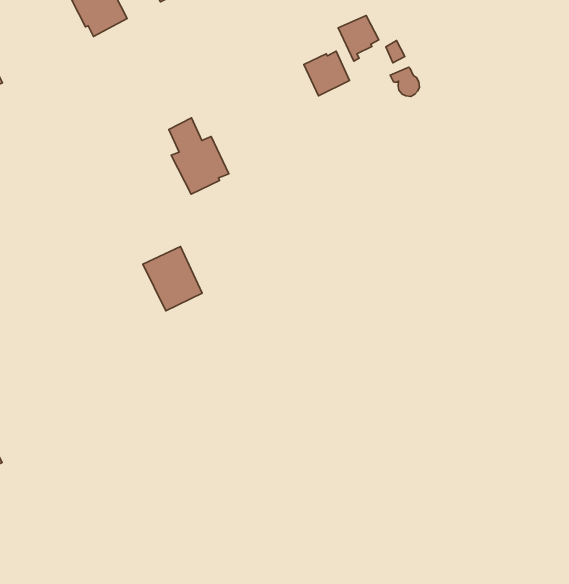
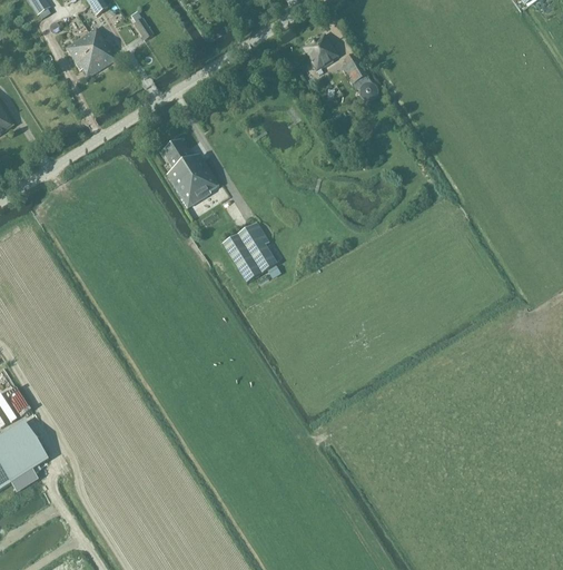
building: [304,51,350,96] -> none
building: [143,246,202,311] -> [223,223,277,281]

